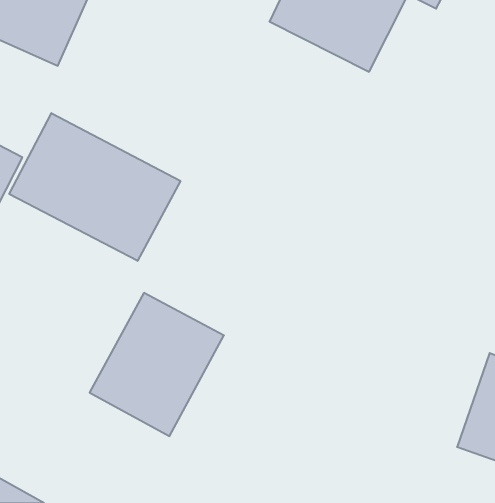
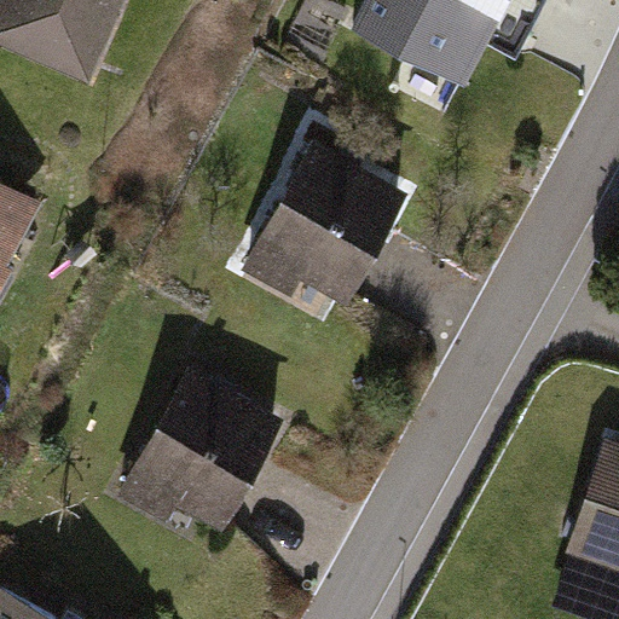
building: none -> [242,139,407,305]
building: [9,113,180,261] -> none

